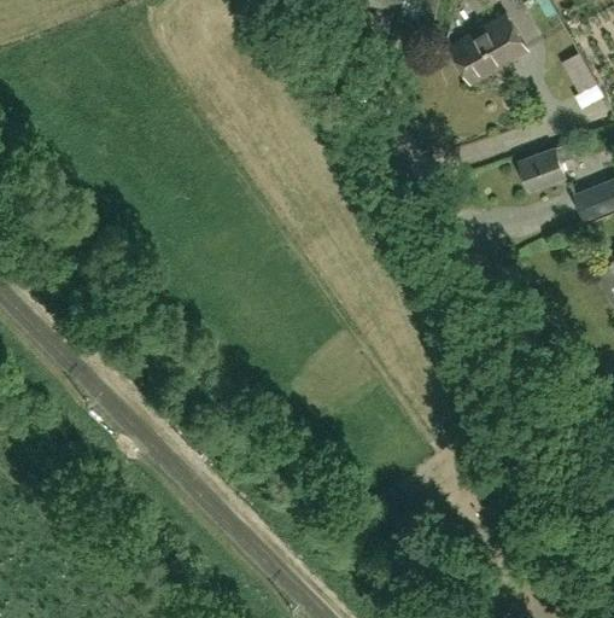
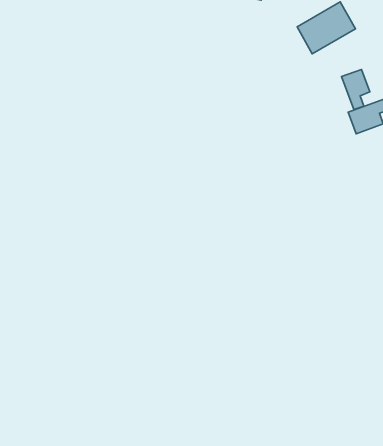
building: none -> [342,69,370,109]

